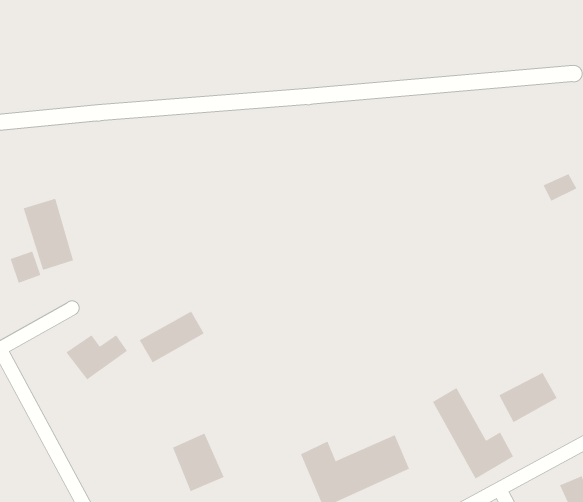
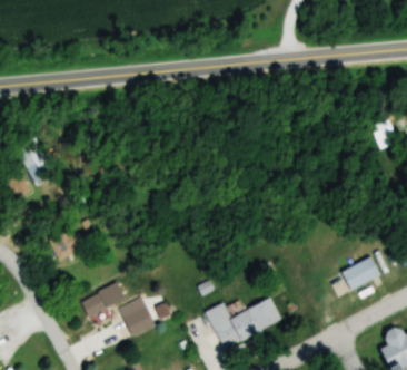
building: [139,311,205,363] -> [80,283,125,319]
building: [432,387,514,480] -> none

